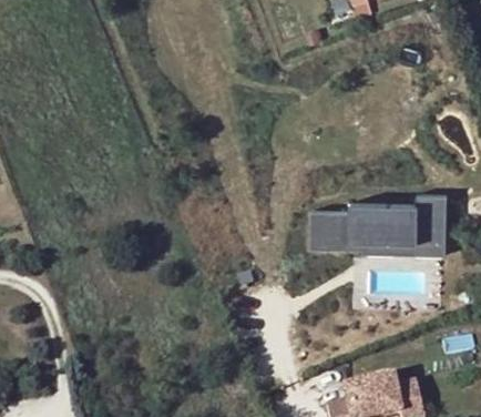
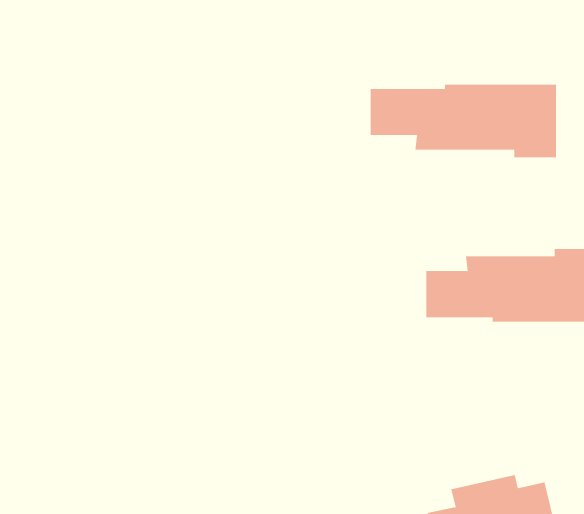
building: none -> [370,84,557,158]

